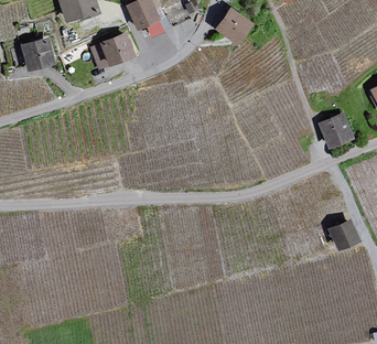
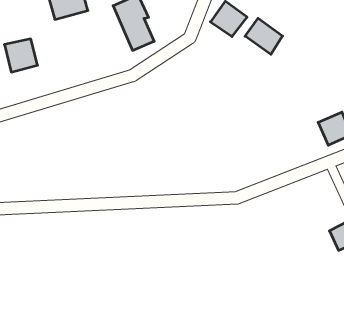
building: none -> [245,18,283,54]
building: [93,35,134,69] -> none

